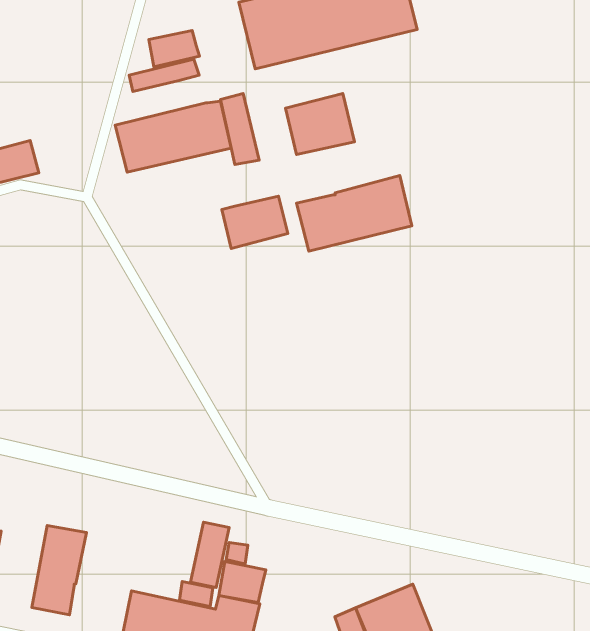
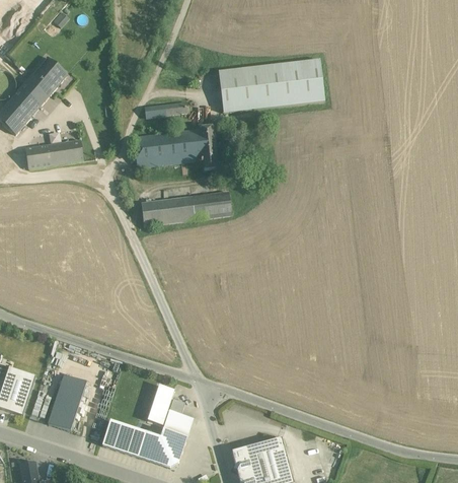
building: [149,30,199,67] -> none
building: [286,93,355,154] -> none
building: [297,175,412,251] -> none
building: none -> [141,195,195,225]

